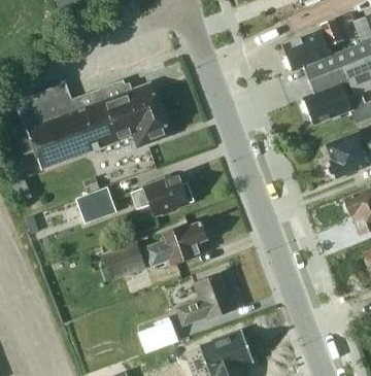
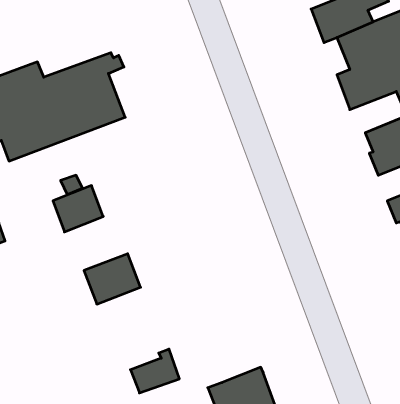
building: [121,86,169,145] -> none
building: [132,174,193,217] -> none
building: [145,220,207,267] -> none
building: [177,272,234,326] -> none

